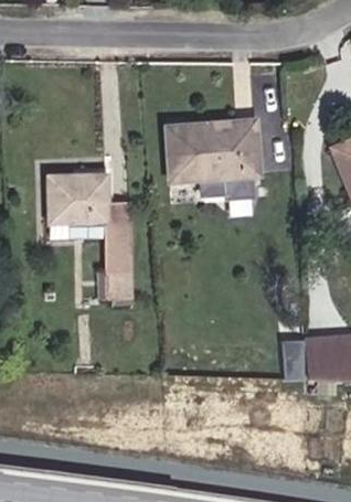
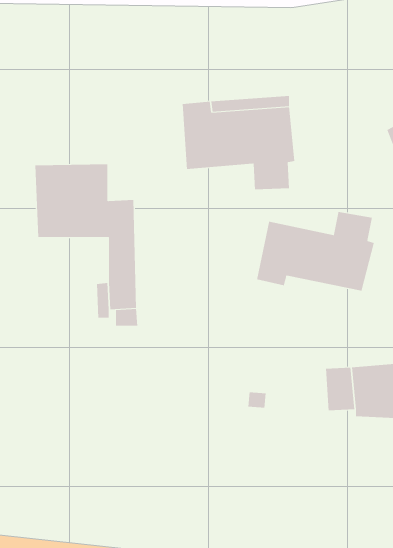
building: none -> [256,211,374,291]

